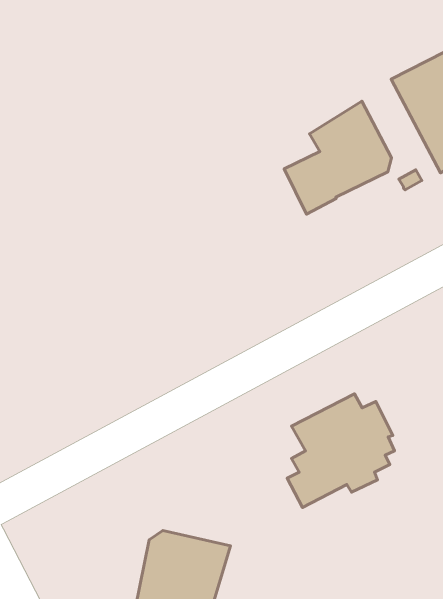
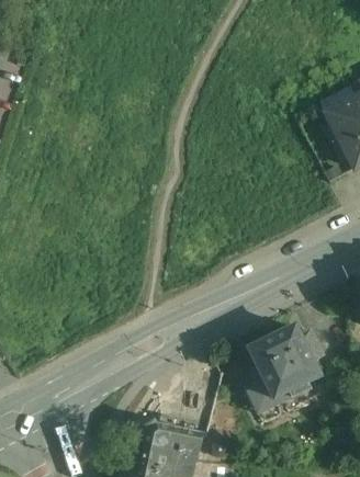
building: [284,101,392,214] -> none

